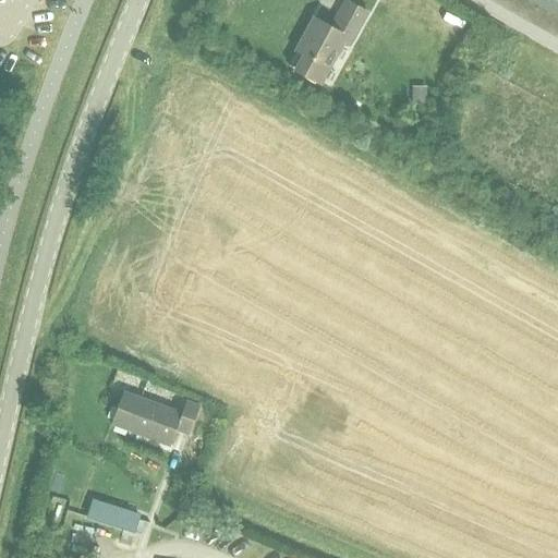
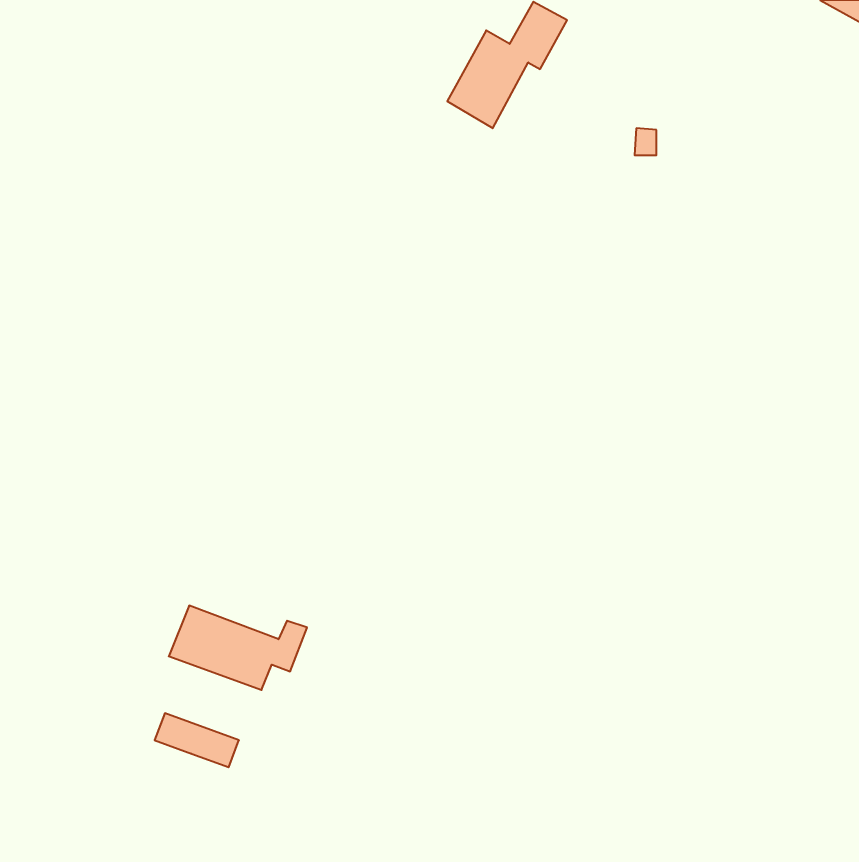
building: [85,497,140,532] -> [155,713,239,767]

